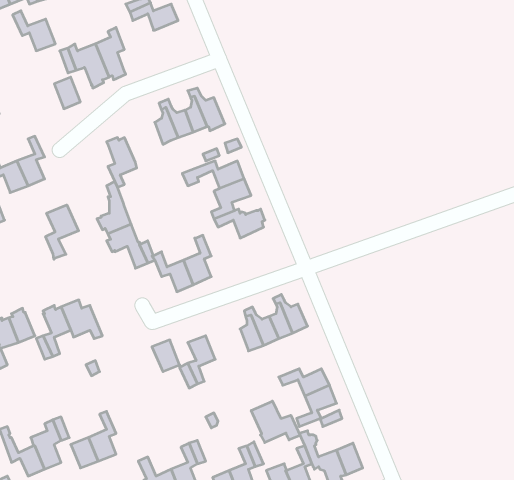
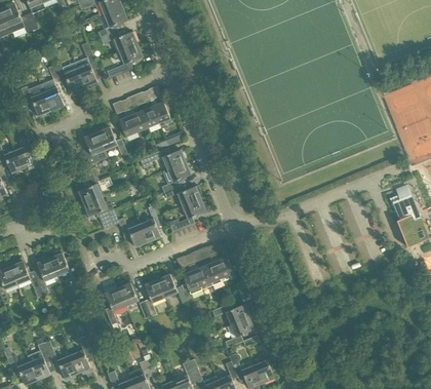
building: [13,11,55,51] -> [18,85,50,115]
building: none -> [106,44,141,76]
building: none -> [95,126,126,156]
building: [46,205,79,259] -> none
building: none -> [169,198,207,231]
building: none -> [156,273,186,303]
building: none -> [104,287,124,324]
building: [251,401,300,443] -> none

